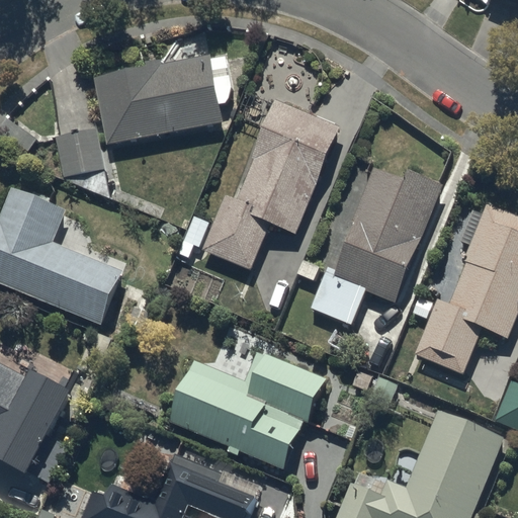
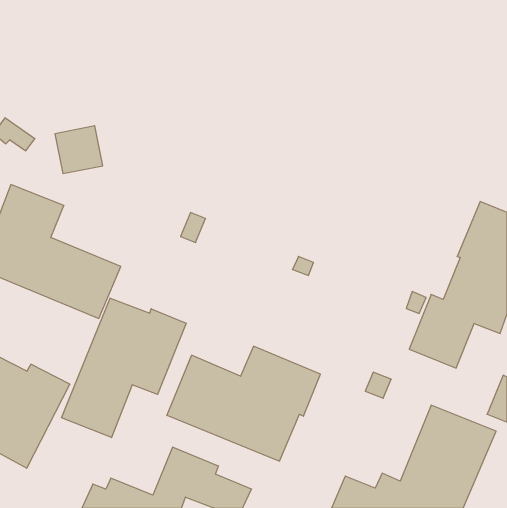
building: [94,54,222,143] -> none
building: [202,100,338,268] -> none
building: [311,166,442,324] -> none
building: none -> [61,298,186,438]

